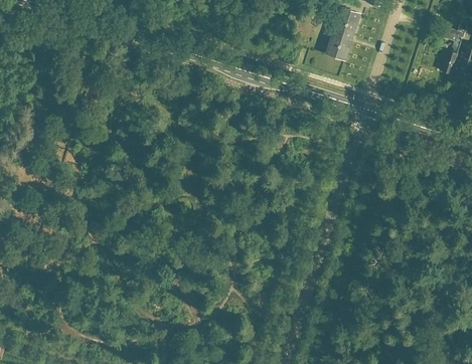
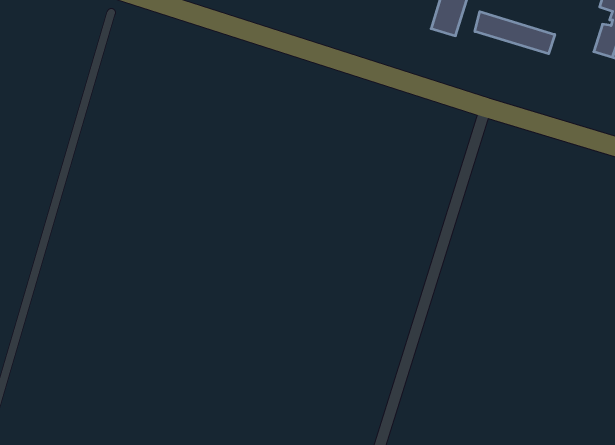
building: none -> [475,12,555,54]

